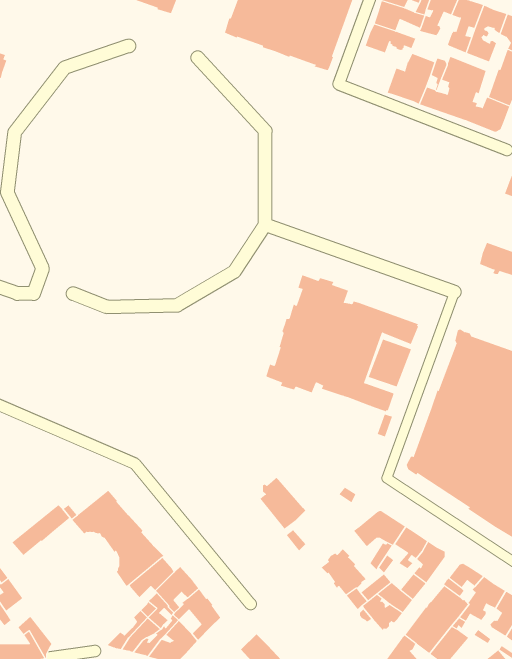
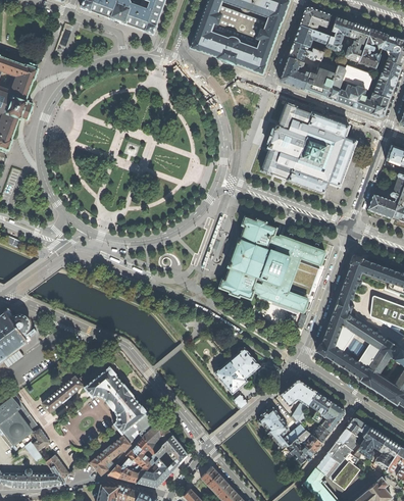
building: none -> [280,57,309,90]
building: none -> [261,102,356,194]
building: none -> [226,347,260,379]
building: none -> [91,435,132,474]

